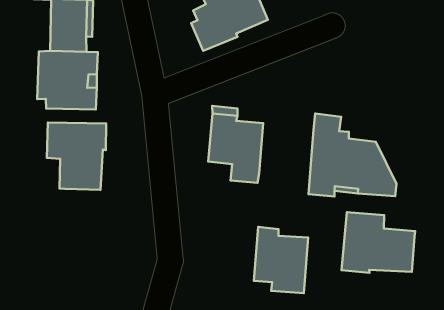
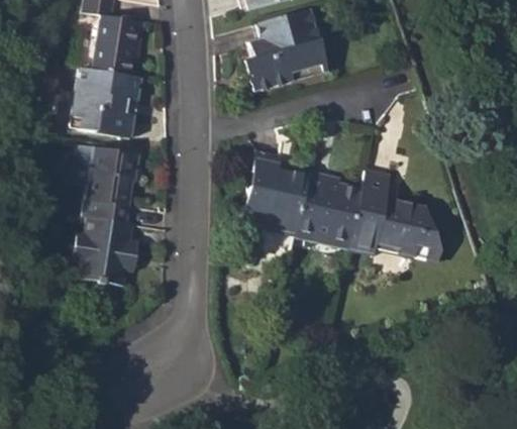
building: none -> [74,216,139,287]
building: [341,212,415,273] -> none
building: [254,227,308,293] -> [296,170,359,246]

